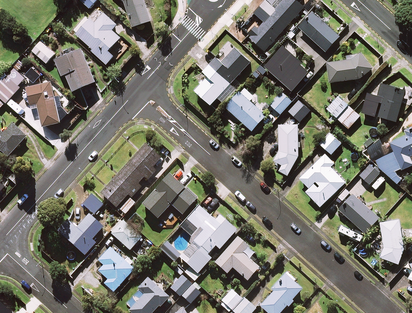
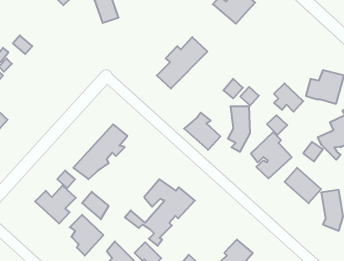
building: [248,8,283,51] -> none
building: [298,10,340,51] -> none
building: [73,14,120,66] -> none
building: [264,44,309,89] -> none
building: [55,49,96,93] -> none
building: [327,51,373,81] -> none
building: [27,83,61,128] -> none
building: [225,86,266,128] -> [184,113,220,150]
building: [142,173,195,218] -> none
building: [214,236,259,280] -> none

